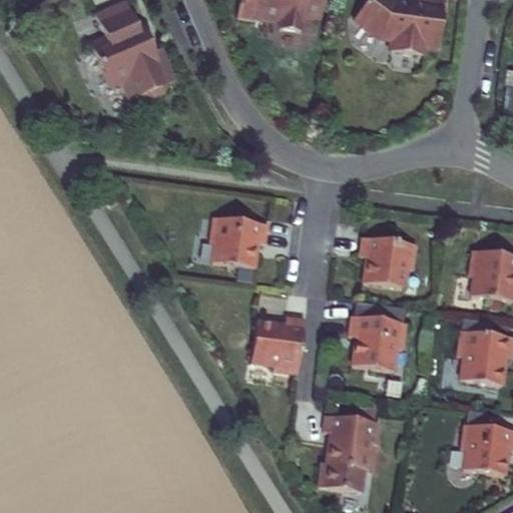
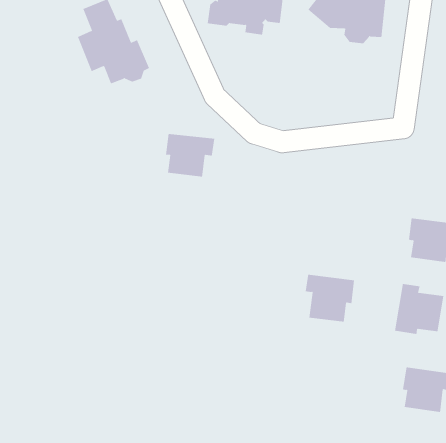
building: [212,213,270,264] -> [165,133,215,177]
building: [360,231,416,285] -> none
building: [249,316,305,373] -> none
building: [320,413,382,492] -> none

